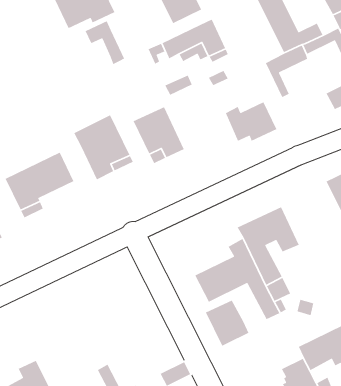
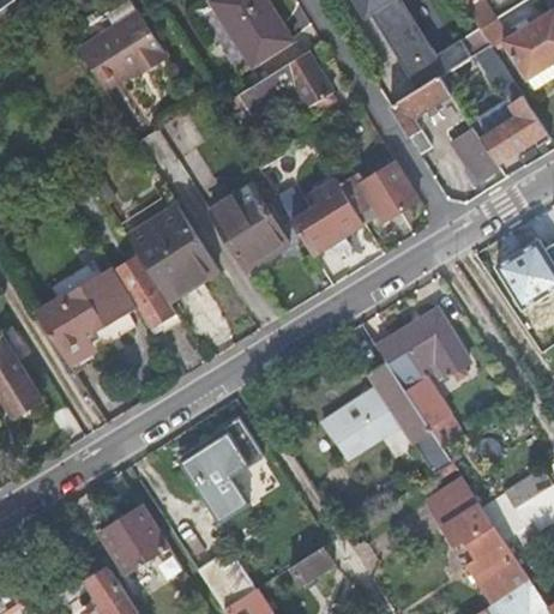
building: [84,20,125,65] -> none
building: none -> [451,127,499,183]
building: none -> [272,177,363,254]
building: none -> [115,254,180,330]
building: none -> [175,414,263,523]
building: [205,299,249,347] -> [424,476,492,546]
building: none -> [100,505,169,572]

